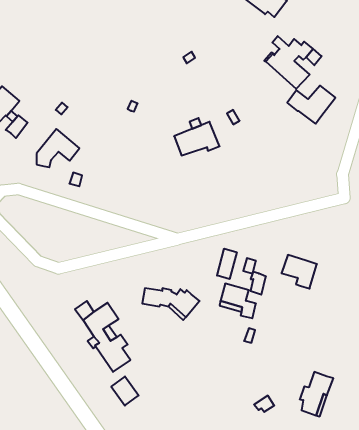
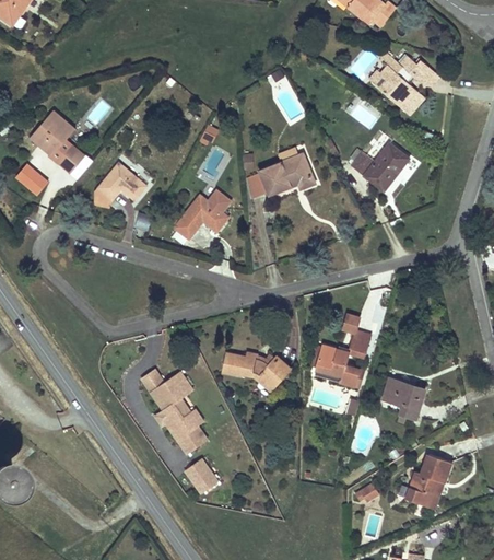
building: [287,86,335,124] -> [350,144,408,190]
building: none -> [174,189,232,238]
building: [217,249,237,279] -> none
building: [281,255,317,289] -> [383,377,425,418]

